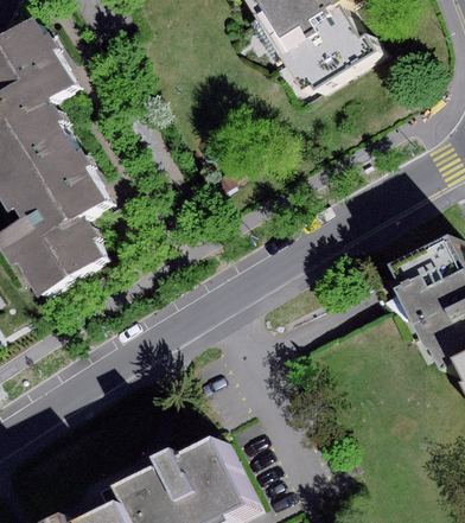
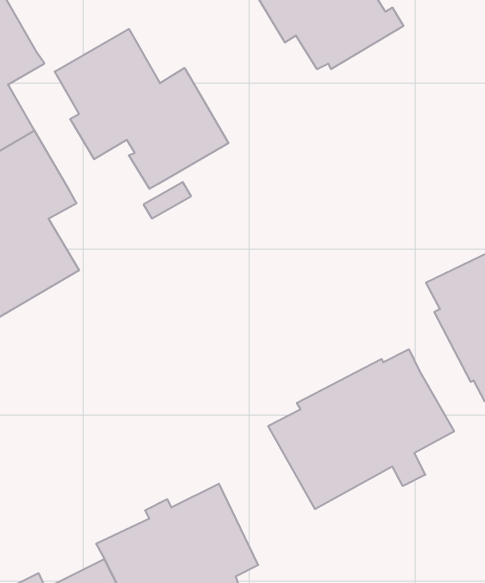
building: none -> [55,29,228,189]
building: none -> [268,349,454,509]

